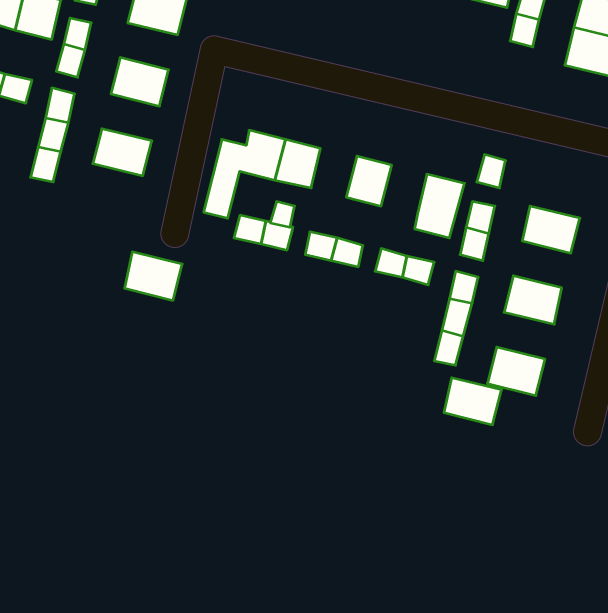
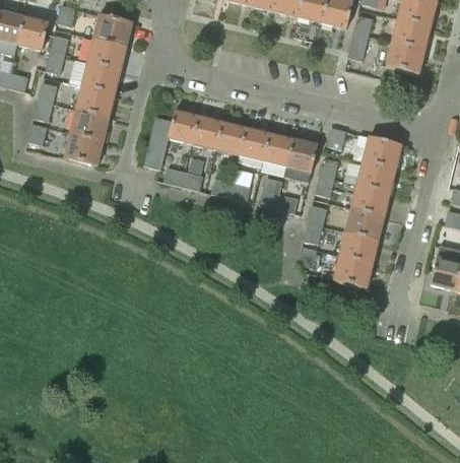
building: none -> [87,38,126,69]
building: none -> [75,85,114,117]
building: none -> [215,122,246,154]
building: none -> [262,133,292,166]
building: none -> [362,136,401,169]
building: none -> [350,184,389,215]
building: [125,252,182,300] -> [64,132,103,164]
building: [444,378,502,425] -> [339,232,378,263]

